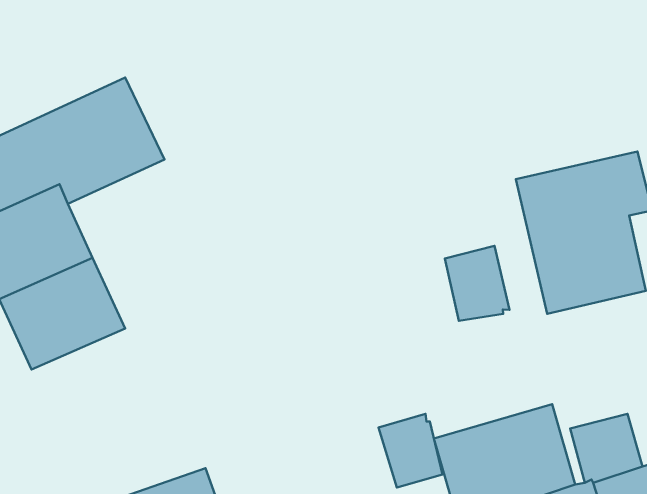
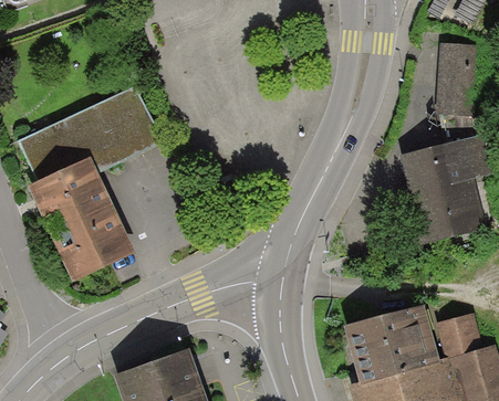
building: none -> [437,43,478,114]
building: [445,246,509,321] -> none
building: [379,414,443,487] -> none

